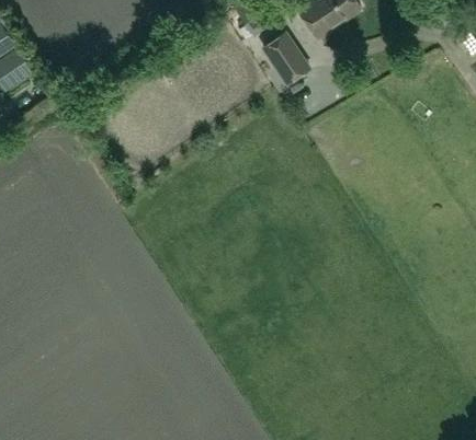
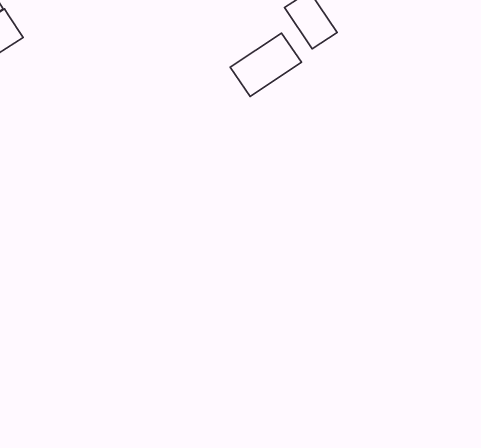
building: none -> [230,33,302,96]

